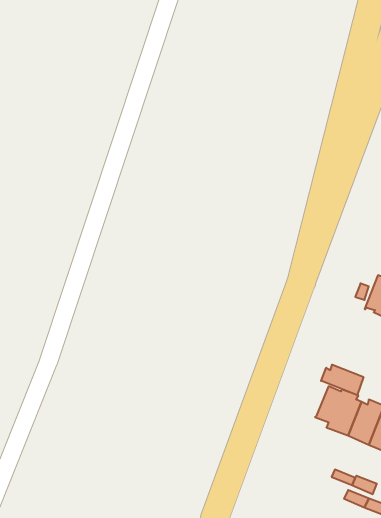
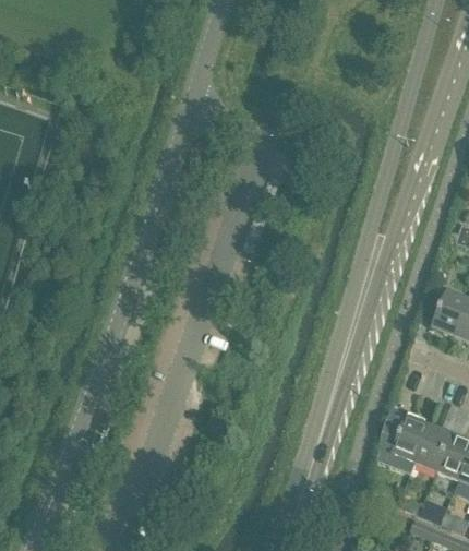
building: [321,365,363,395] -> none

